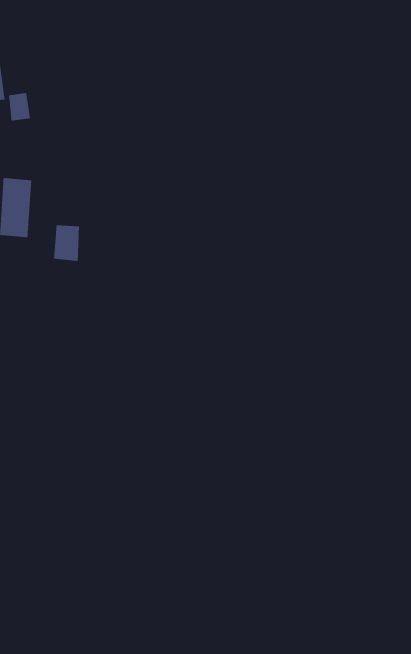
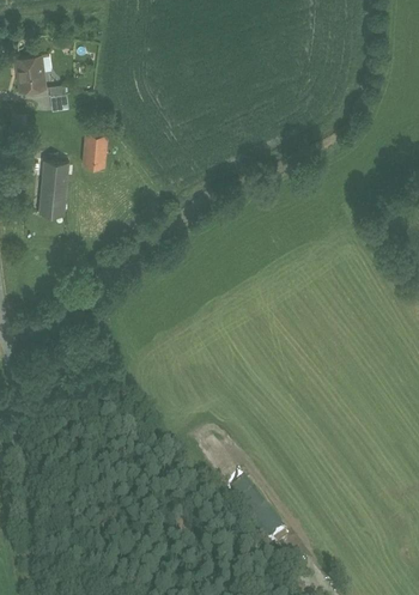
building: [53,225,80,262] -> [83,136,107,170]

